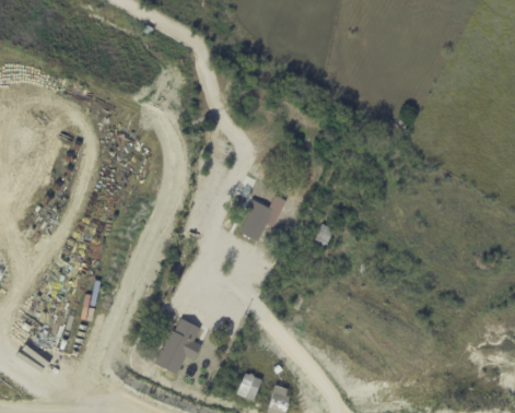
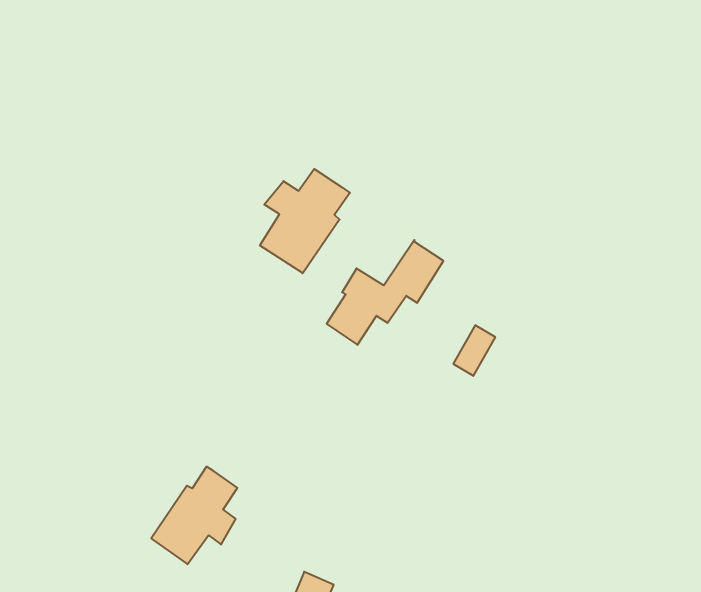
building: none -> [260,169,350,273]

